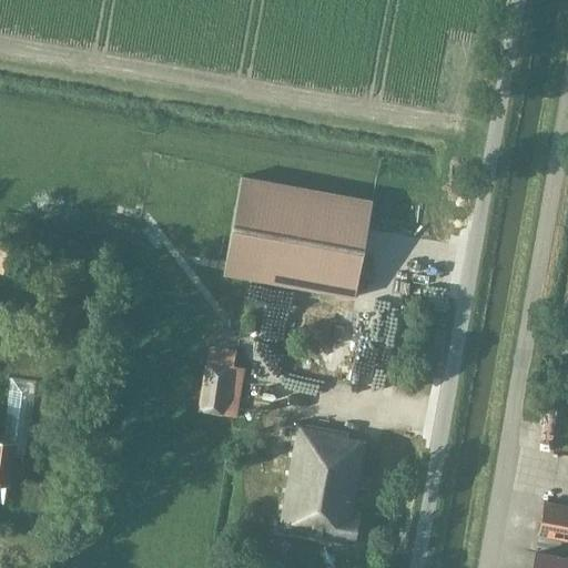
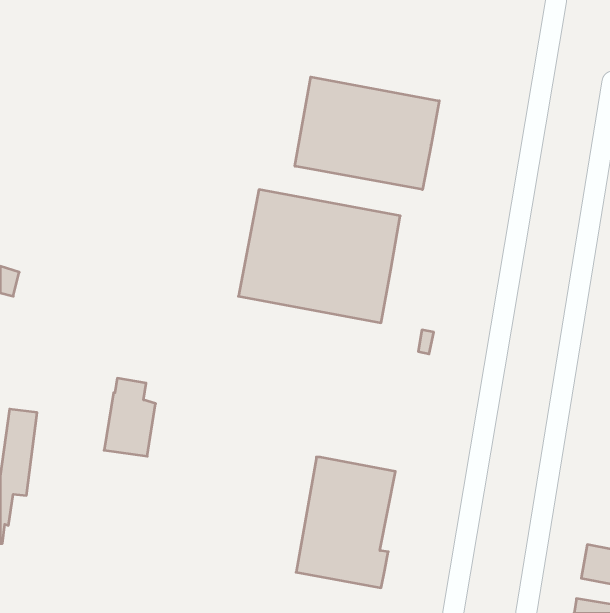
building: none -> [295,77,439,190]
building: [197,345,245,417] -> [104,378,156,456]

